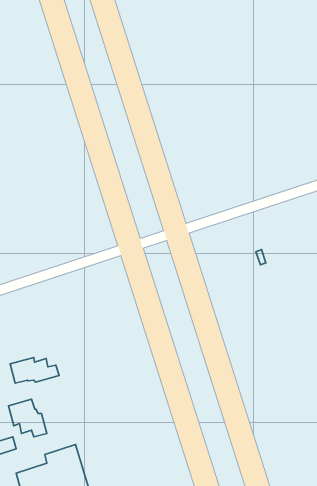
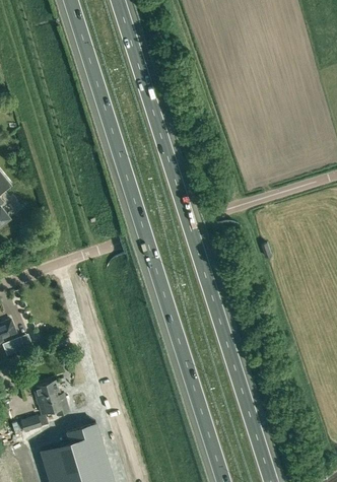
building: [10,357,59,383] -> none

